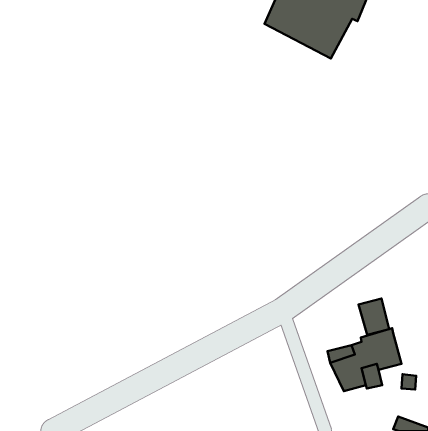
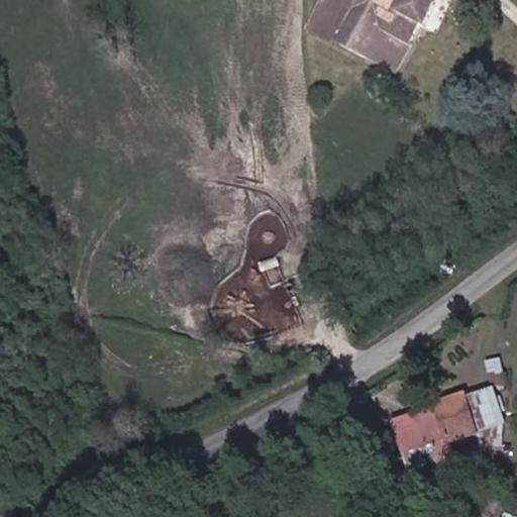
building: [359,298,389,335] -> [467,389,503,432]

